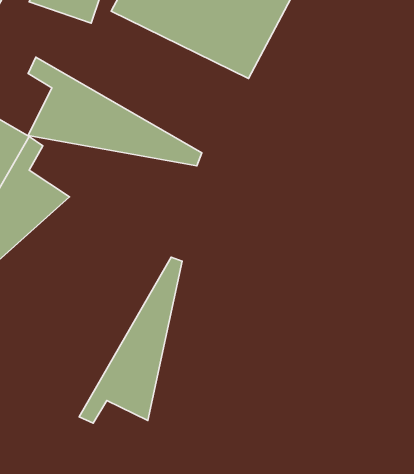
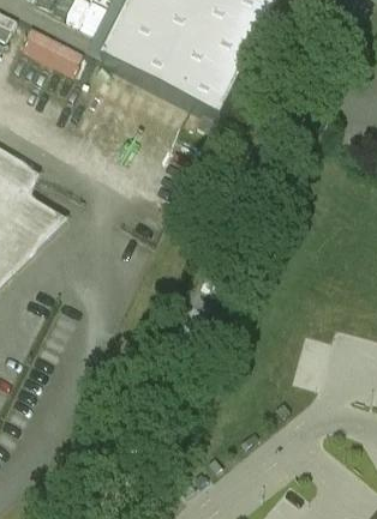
building: [28,57,202,166] -> none
building: [79,257,182,423] -> none

